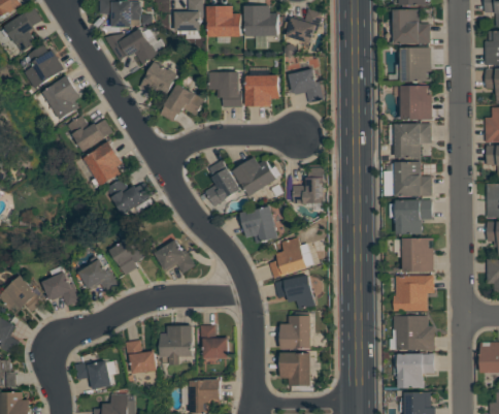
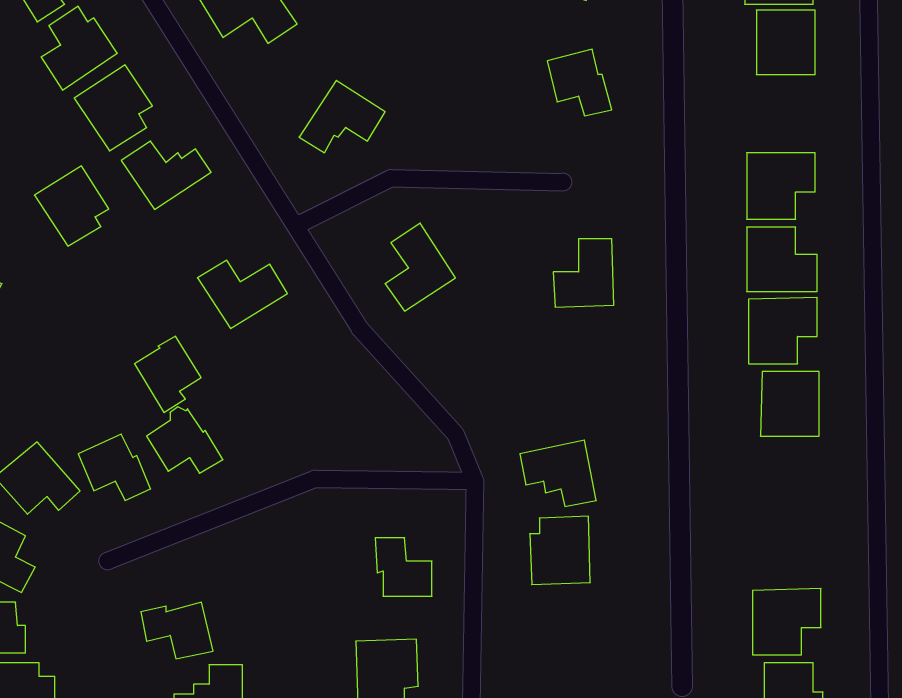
building: [139,62,178,96] -> none
building: [208,72,242,108] -> none
building: [246,75,279,106] -> none
building: [399,85,431,121] -> none
building: [84,141,123,184] -> [34,166,109,246]
building: [234,157,278,196] -> none
building: [241,205,278,244] -> none
building: [110,235,145,276] -> [135,336,201,413]
building: [270,237,307,277] -> none
building: [155,241,196,274] -> none
building: [393,277,434,312] -> none
building: [393,316,435,351] -> none
building: [161,326,193,365] -> none
building: [126,341,158,375] -> none
building: [280,353,312,386] -> none

